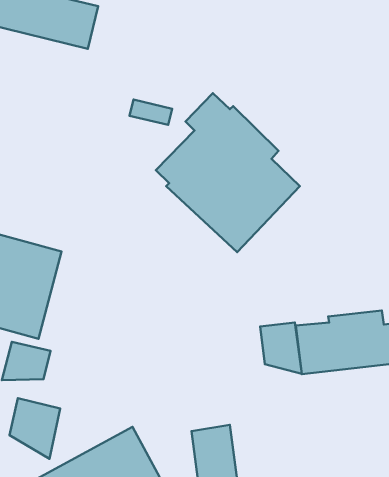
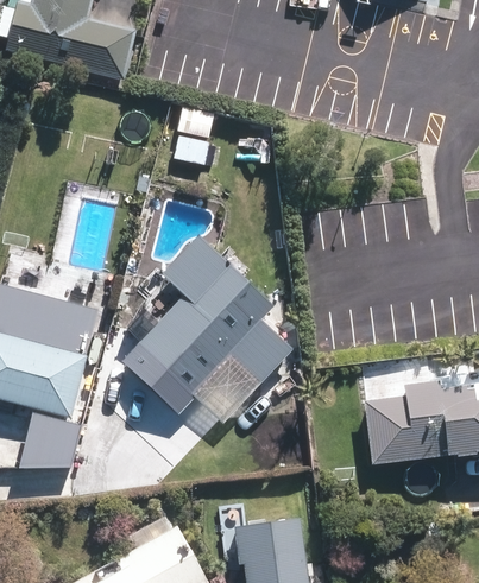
building: [156,93,300,252] -> [124,235,292,422]
building: [260,323,302,374] -> none
building: [9,398,60,459] -> none

